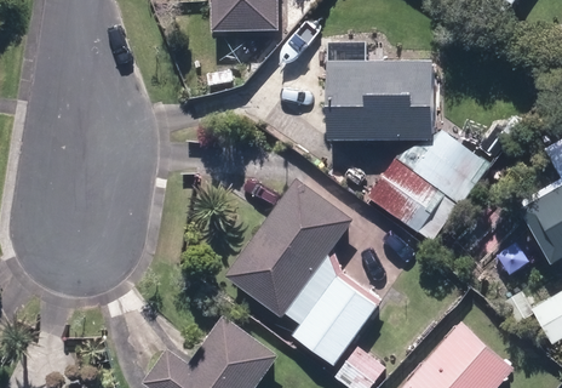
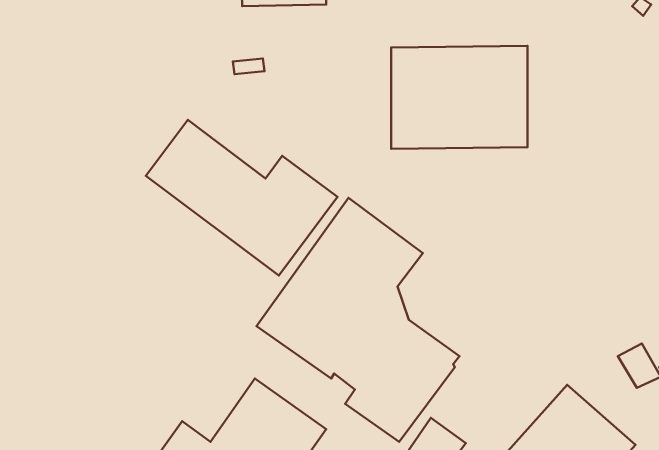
building: none -> [146,120,337,275]
building: [368,130,478,232] -> none

